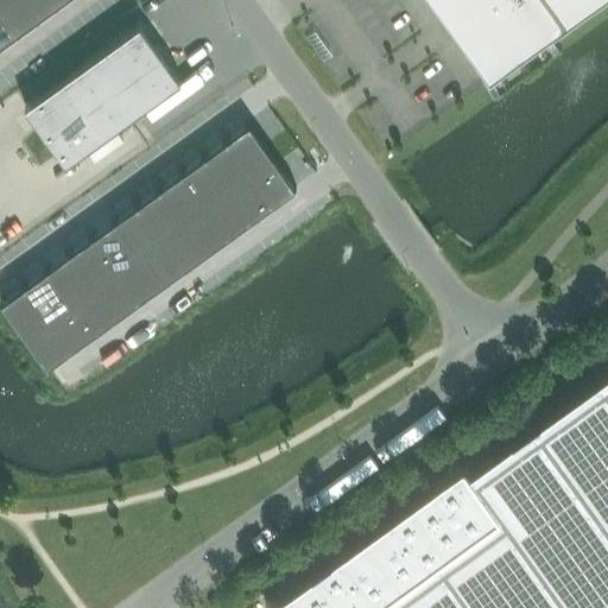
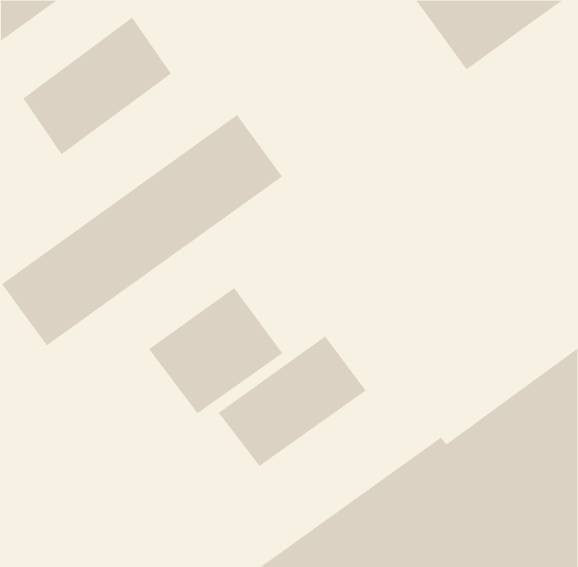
building: none -> [148,287,283,414]
building: none -> [218,336,367,467]

